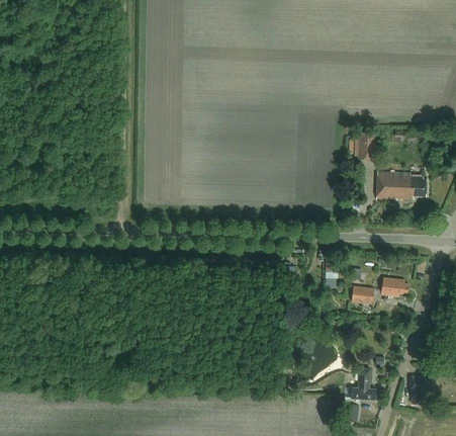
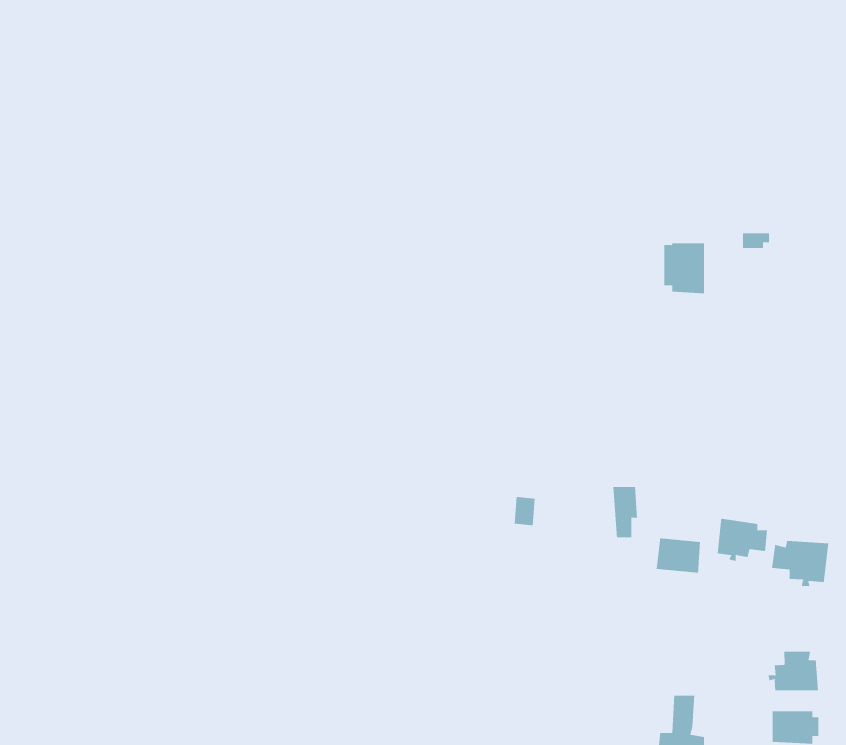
building: [376,172,427,201] -> none
building: none -> [772,540,829,587]
building: none -> [768,651,818,691]

